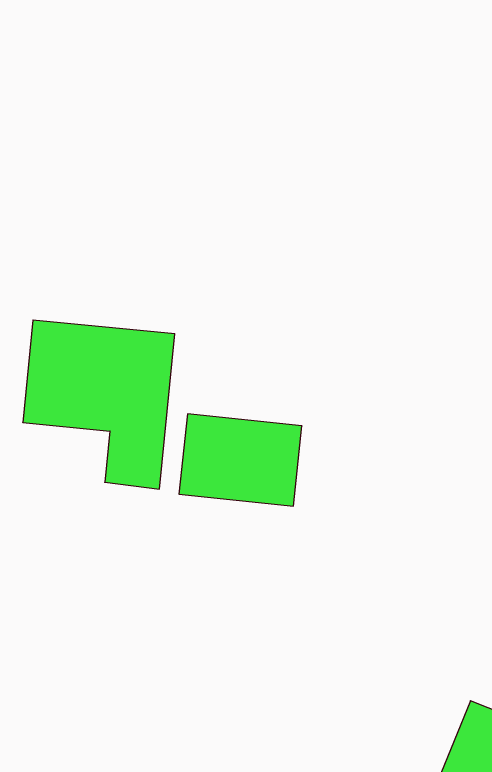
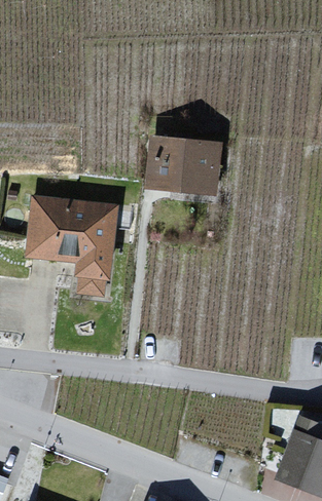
building: [179,414,302,506] -> [146,139,220,194]

